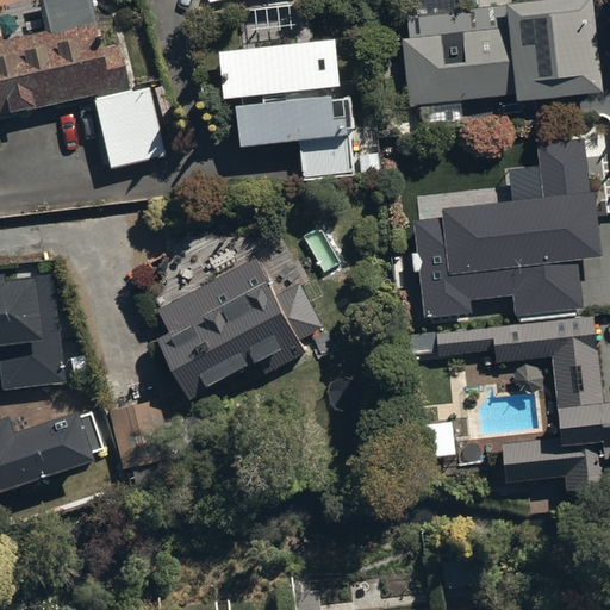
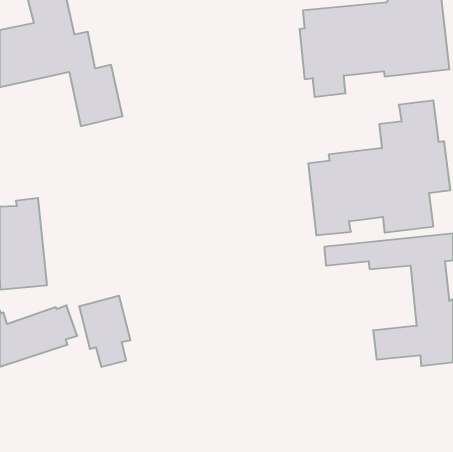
building: [217,39,354,176] -> none
building: [157,281,326,400] -> none

